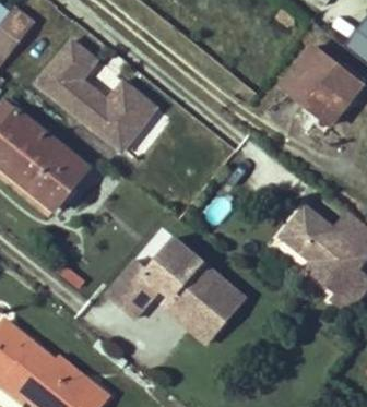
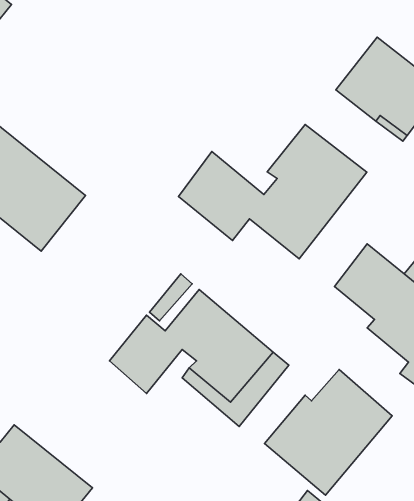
building: [39,40,161,152] -> none
building: none -> [178,124,367,259]
building: none -> [264,370,392,495]

